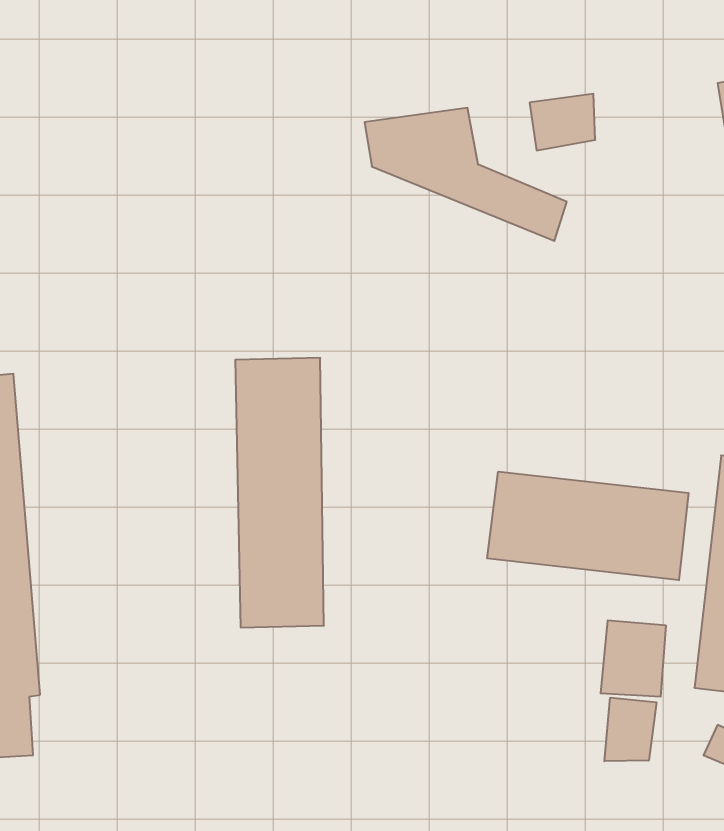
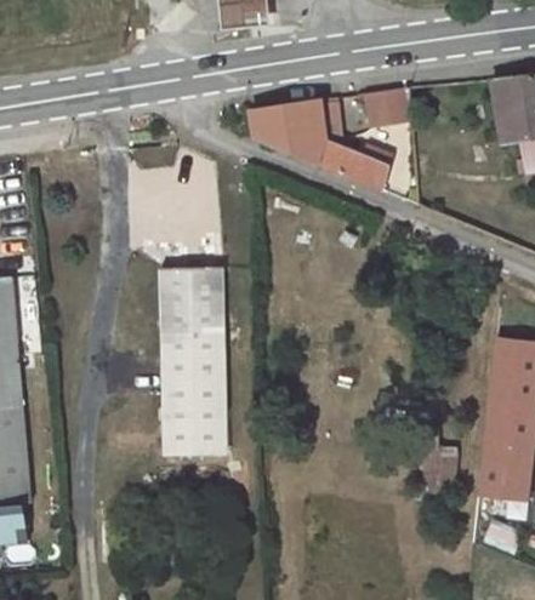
building: [487,472,689,580] -> none
building: [604,698,656,761] -> none

